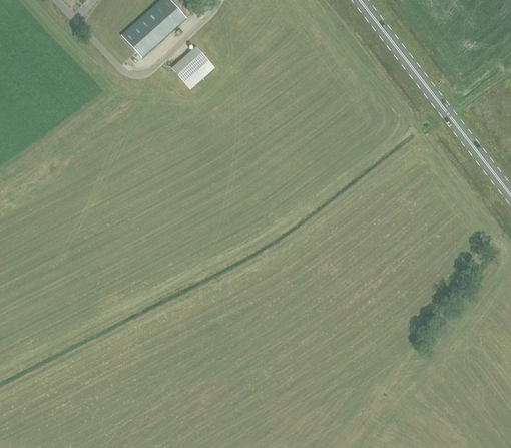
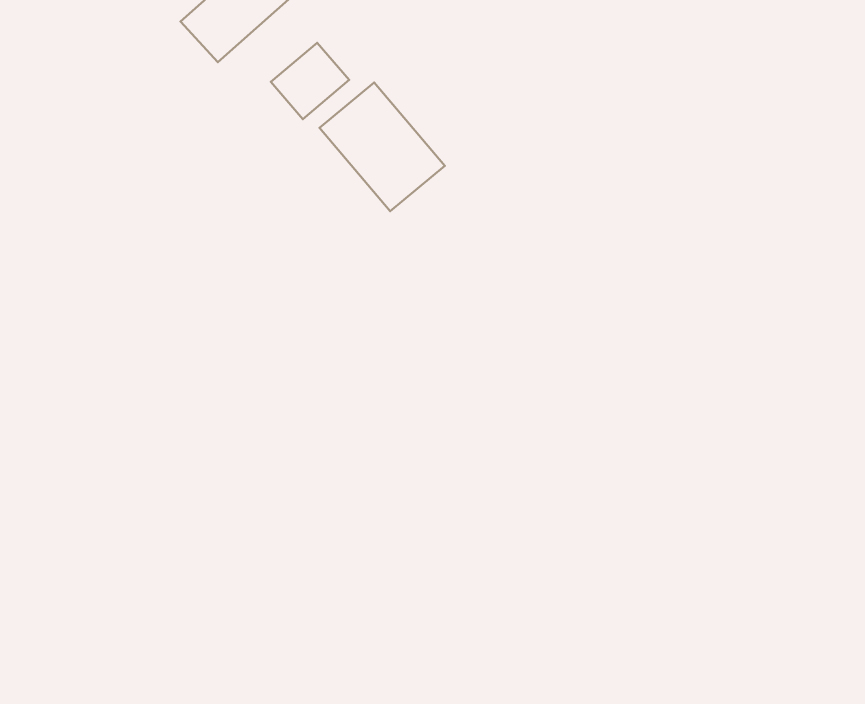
building: none -> [319,82,445,211]

